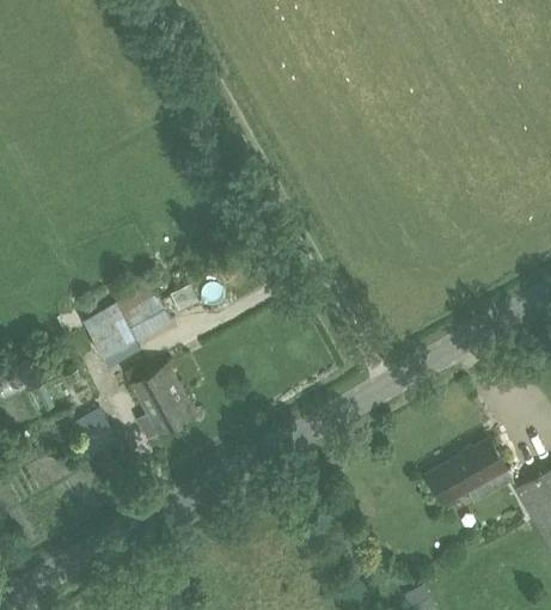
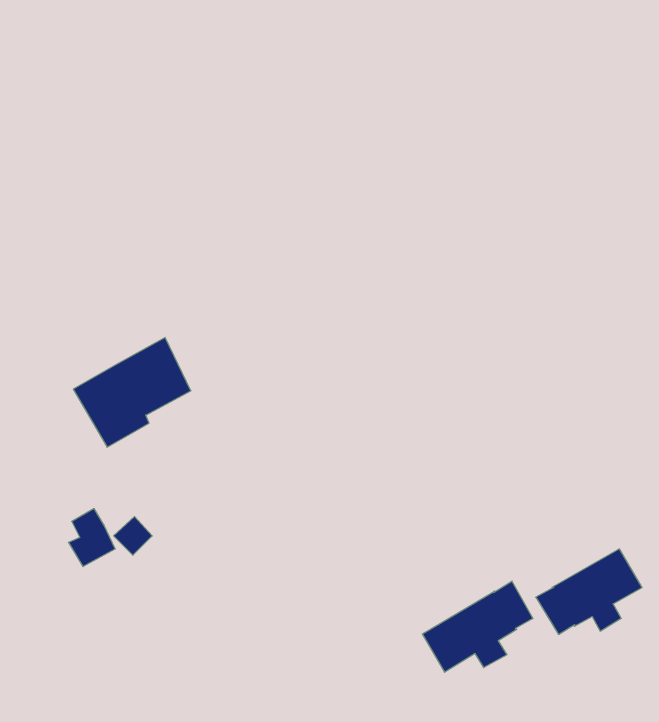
building: [130,367,195,441] -> none
building: none -> [422,581,533,672]

